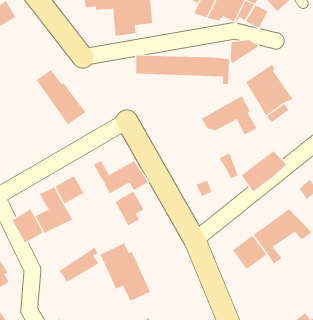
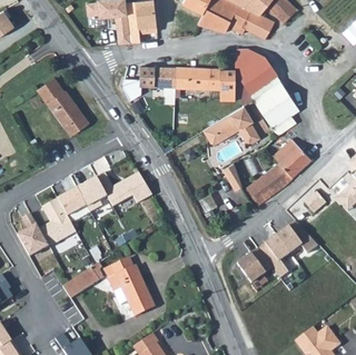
building: none -> [237,57,278,93]
building: none -> [273,138,312,177]
building: [115,191,144,226] -> [77,177,107,213]

